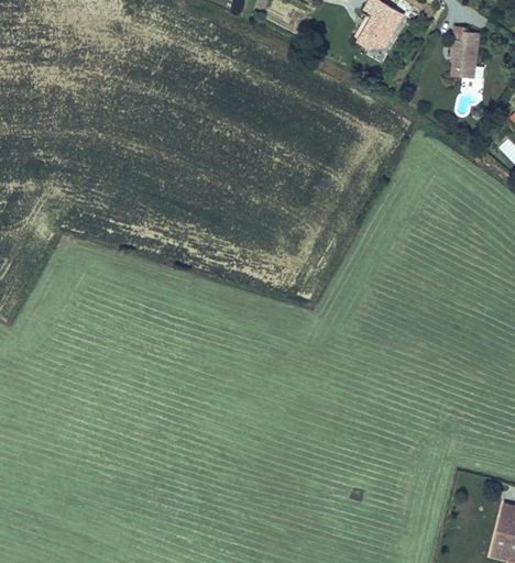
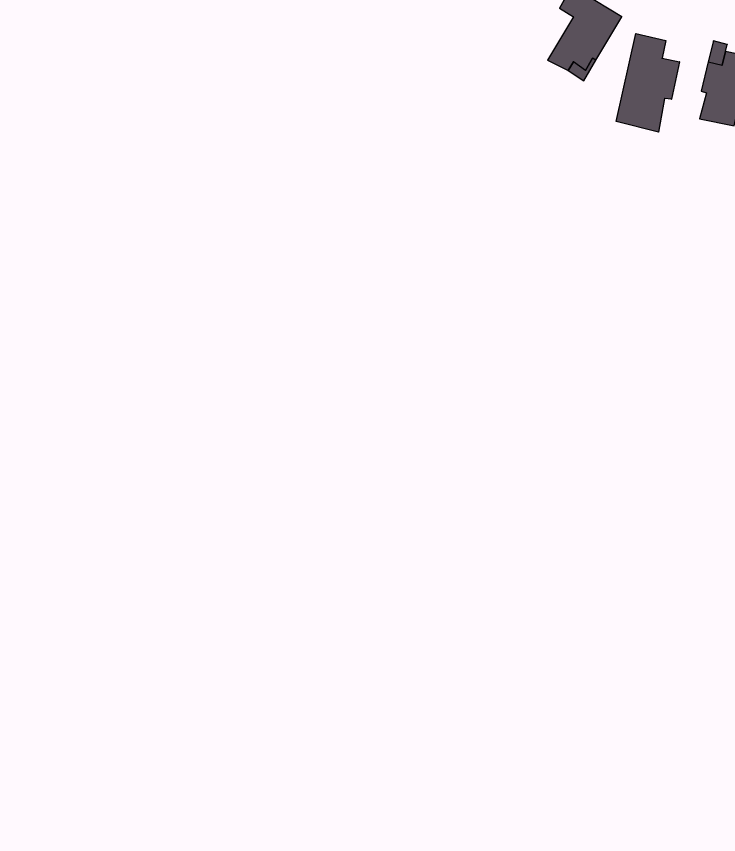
building: none -> [616,34,679,132]

